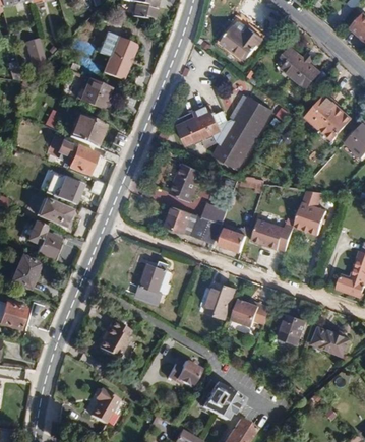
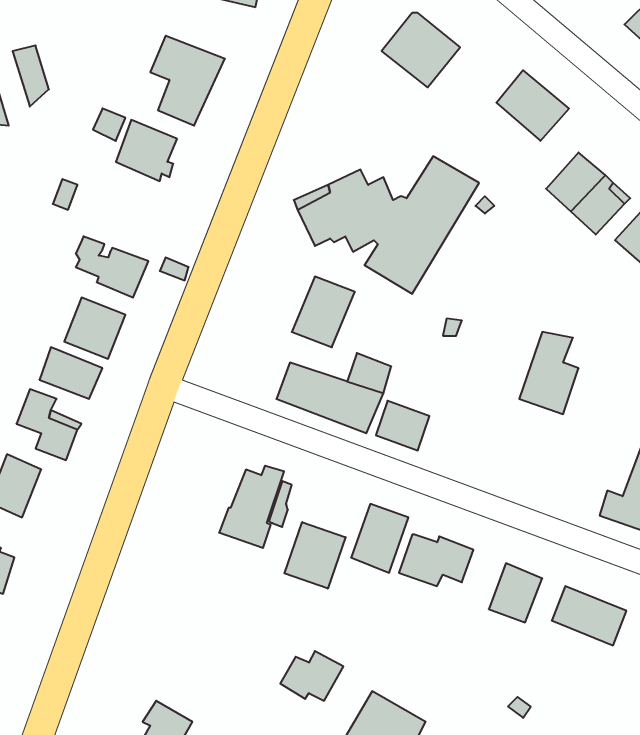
building: [69,113,106,146] -> none
building: [252,217,294,250] -> none
building: none -> [284,522,346,589]
building: [98,319,131,358] -> none

